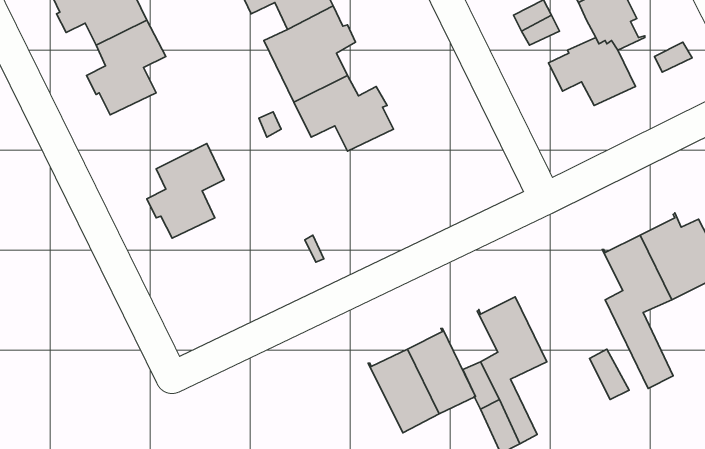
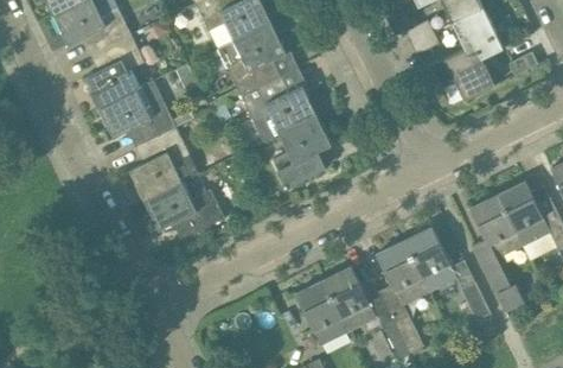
building: none -> [102,81,174,146]
building: none -> [271,116,332,186]
building: none -> [148,183,223,239]
building: none -> [405,226,456,291]

